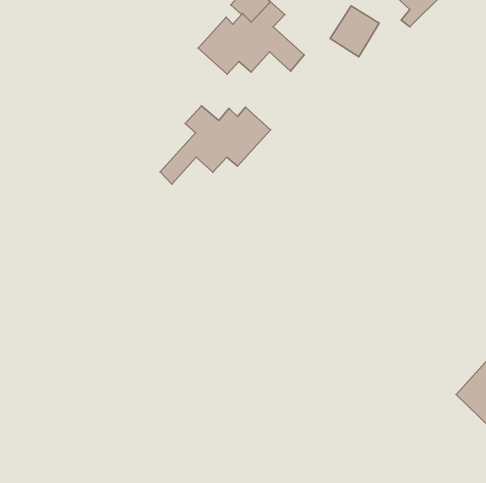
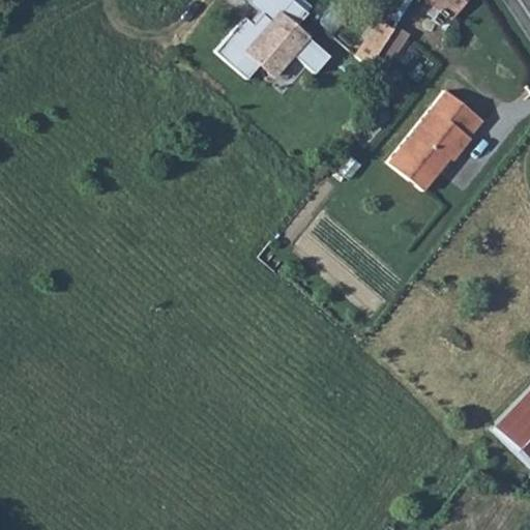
building: none -> [392,88,477,188]
building: [160,106,270,184] -> none

